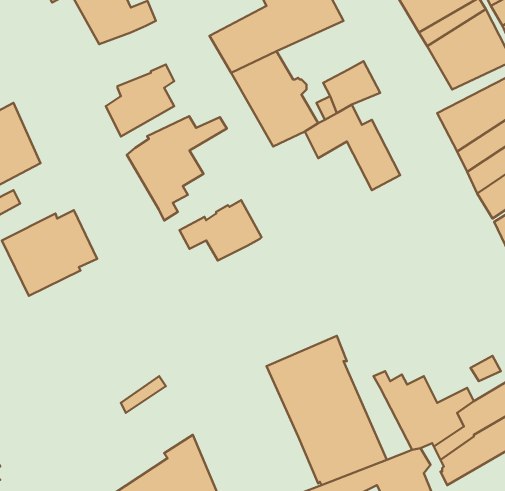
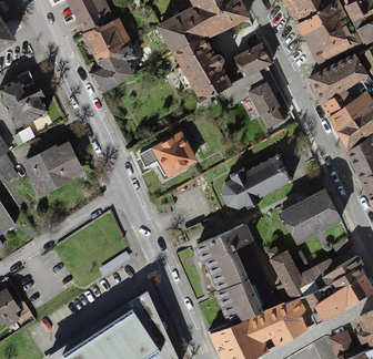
building: none -> [83,20,130,60]
building: [127,116,227,221] -> none
building: none -> [221,154,292,209]
building: none -> [282,189,341,242]

